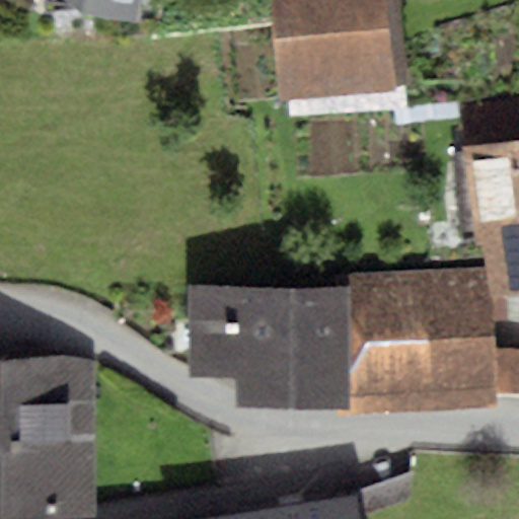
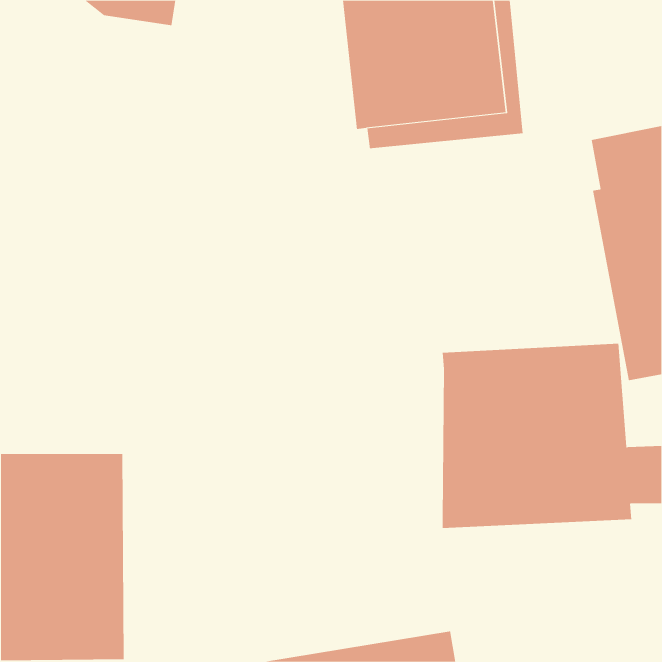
building: [189,288,347,405] -> none

